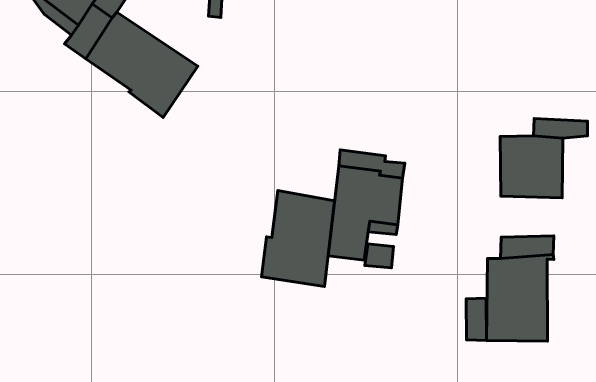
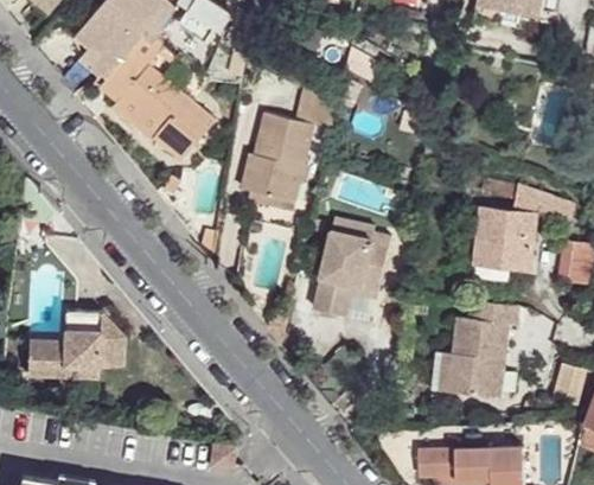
building: [261,191,334,287] -> [239,111,312,202]
building: none -> [24,309,120,376]

